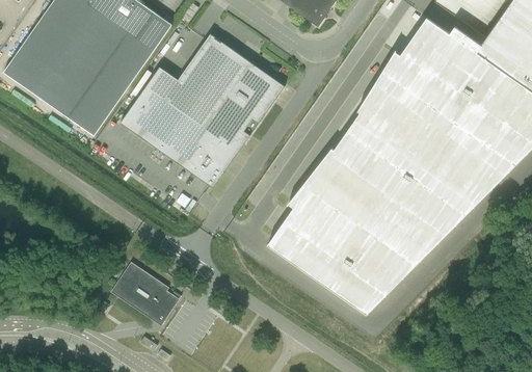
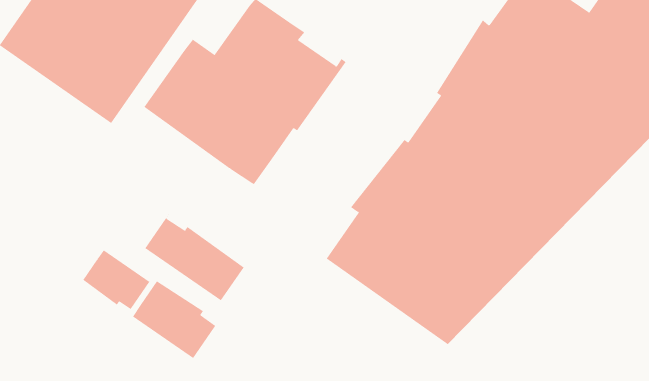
building: none -> [145,213,244,301]
building: none -> [82,249,150,314]

